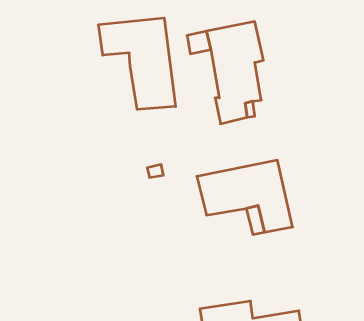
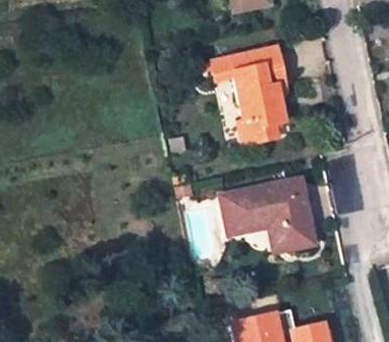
building: [99,18,176,109] -> none

